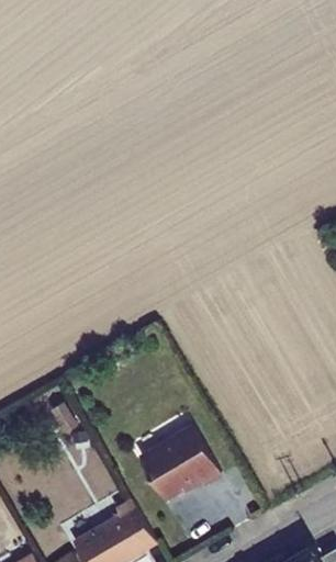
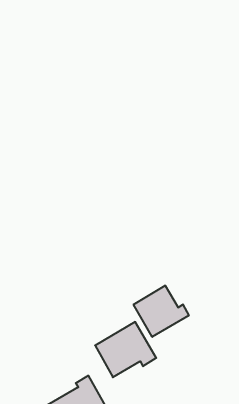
building: none -> [134,285,189,337]

